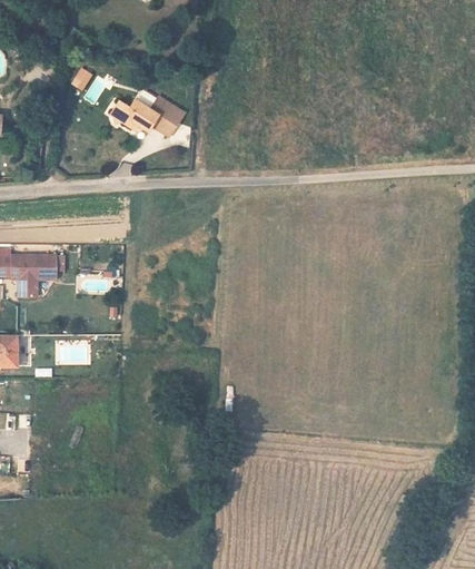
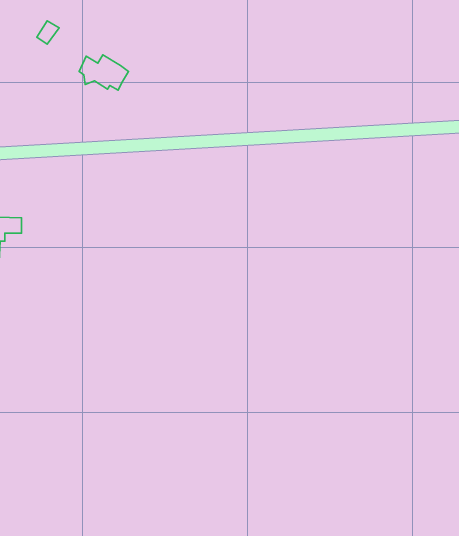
building: [150,98,185,139] -> none

